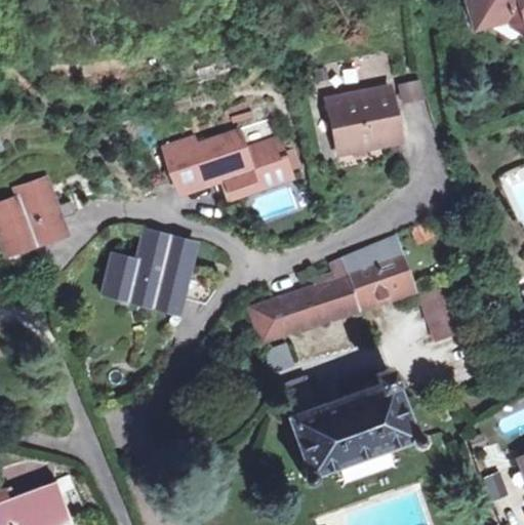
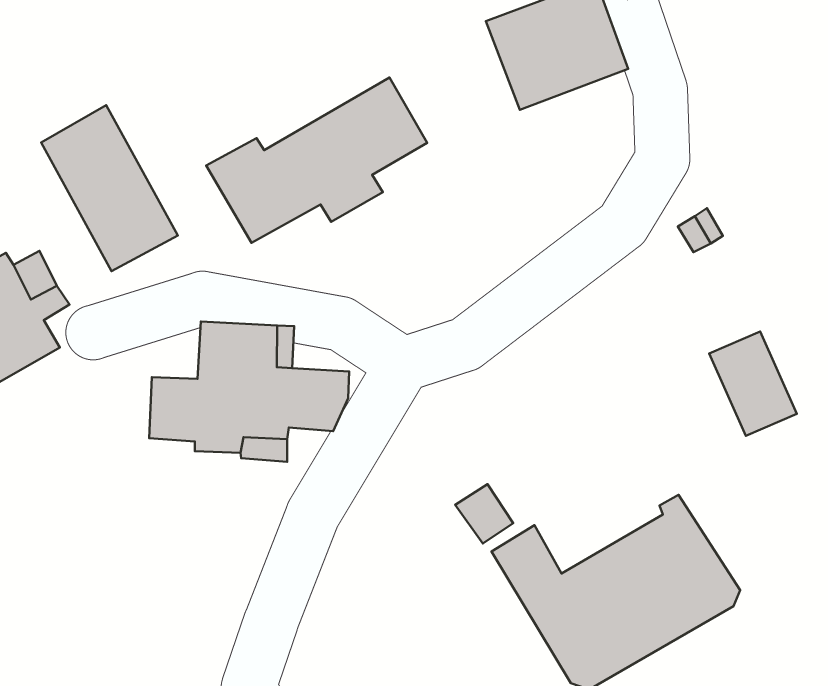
building: none -> [41,105,178,271]
building: [225,159,290,202] -> none
building: [252,237,409,341] -> none

